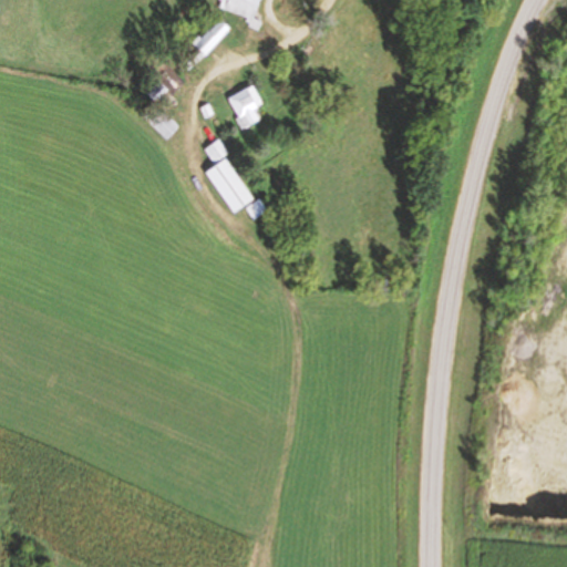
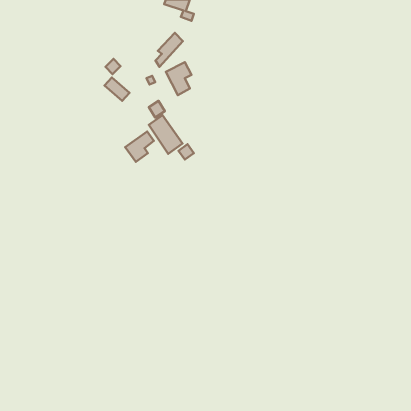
building: [192,18,229,64] -> [155,33,183,67]
building: none -> [125,131,154,162]

